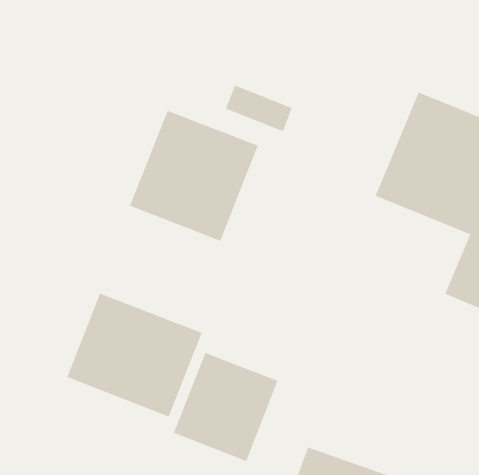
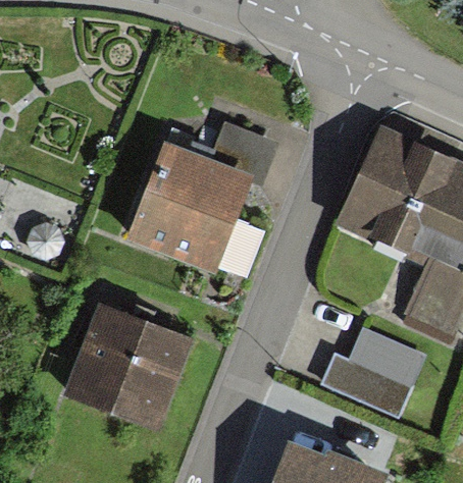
building: none -> [338,331,417,413]
building: [173,352,278,462] -> none

